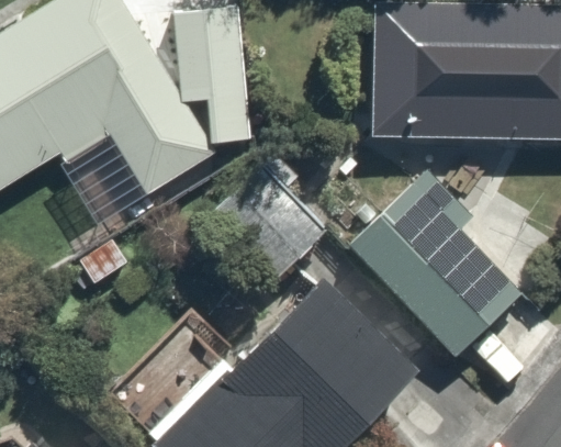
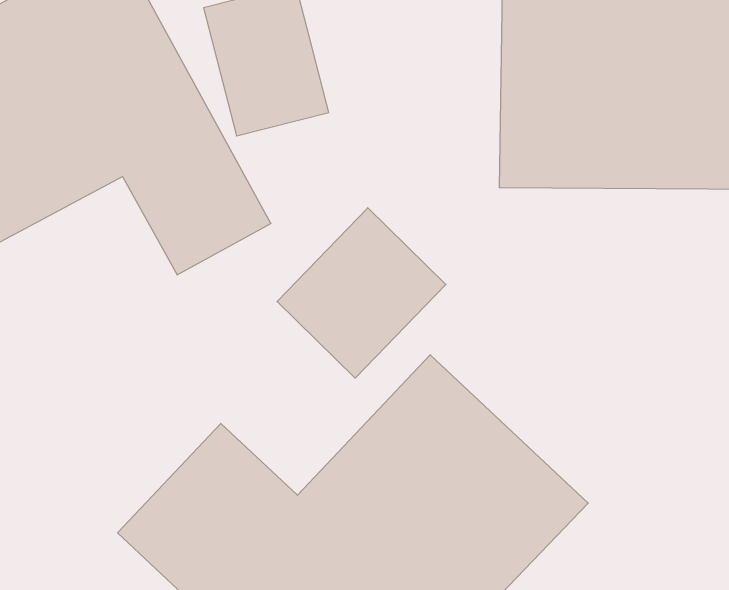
building: [348,176,528,357] -> none

